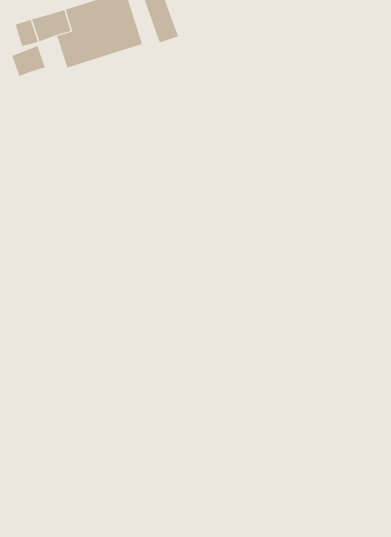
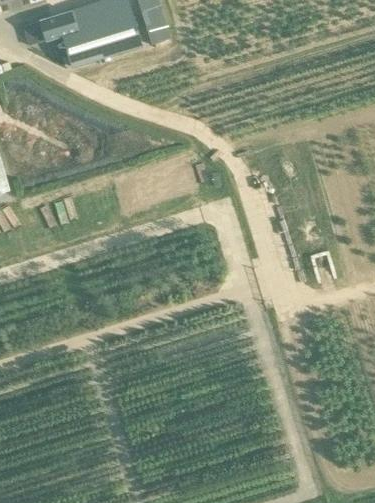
building: [11,45,46,77] -> none

